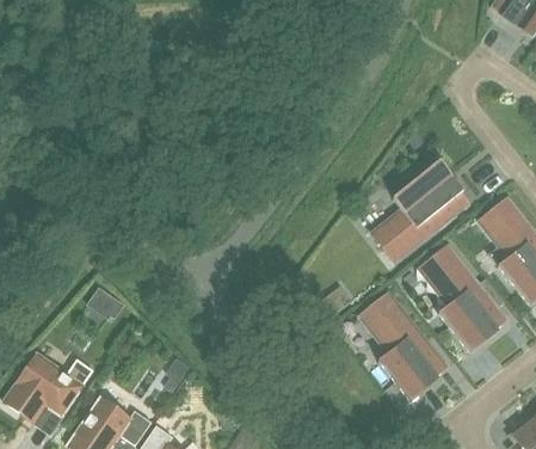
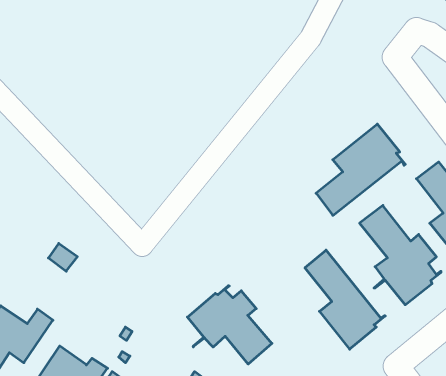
building: none -> [187,286,272,364]

